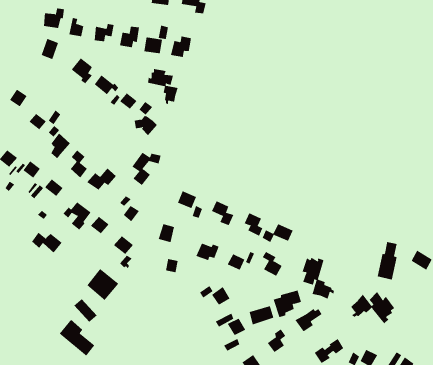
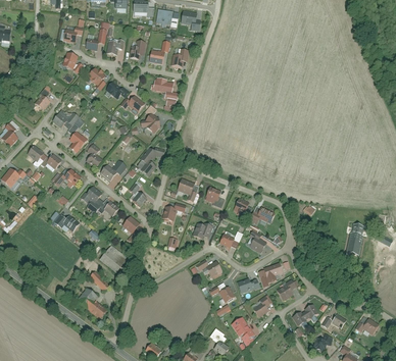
building: [302,257,334,299] -> none
building: [350,291,395,324] -> none

